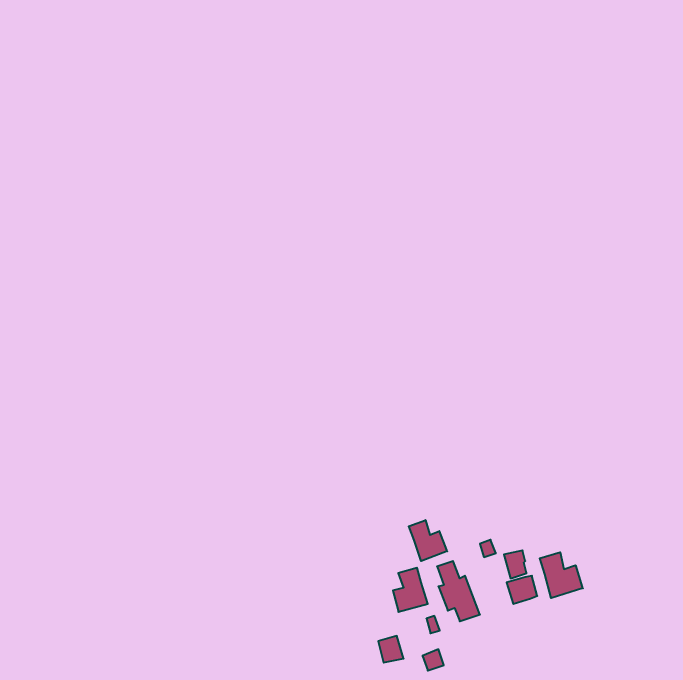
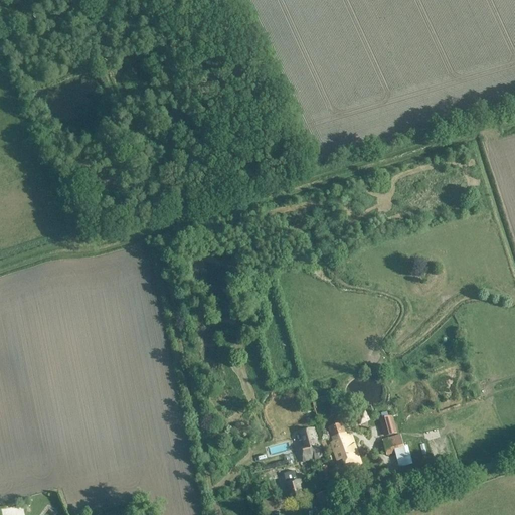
building: [409,520,447,561] -> none
building: [540,552,583,598] -> none

